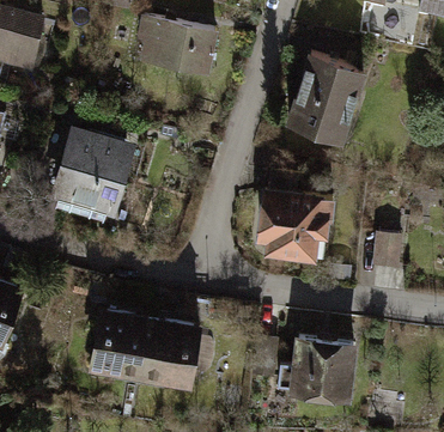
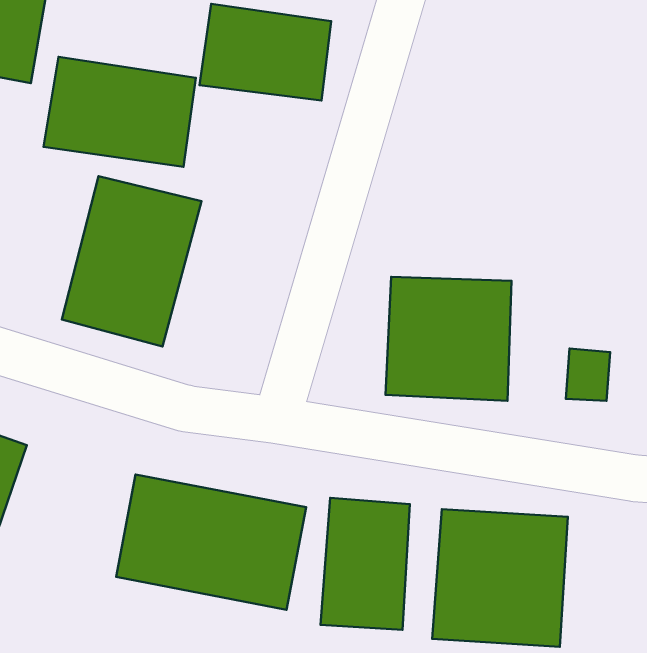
building: [273,47,377,162] -> none
building: none -> [44,57,196,167]
building: none -> [320,498,410,630]

